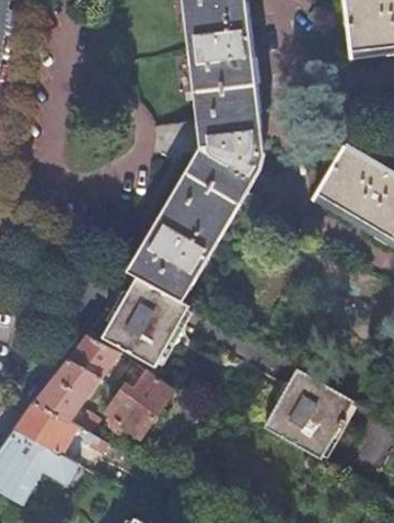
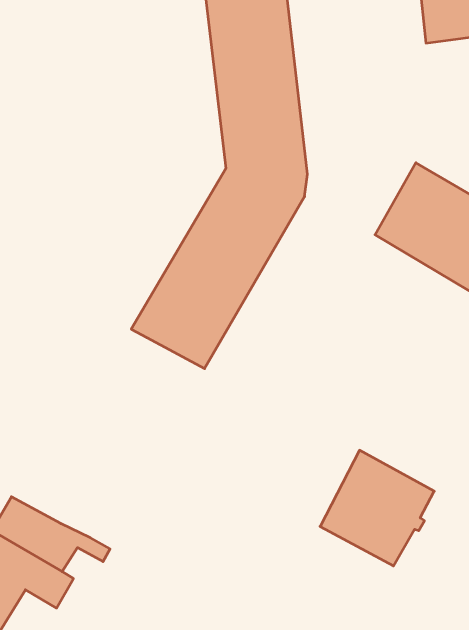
building: [106,280,190,367] -> none
building: [32,336,119,435] -> none
building: [108,371,171,439] -> none

